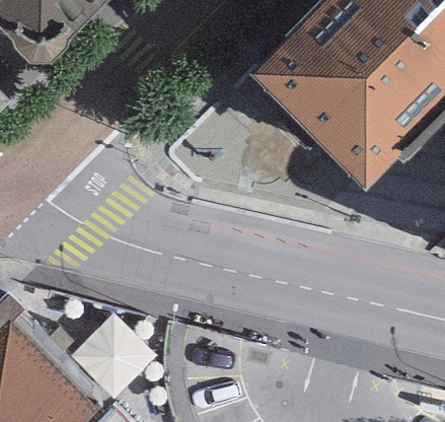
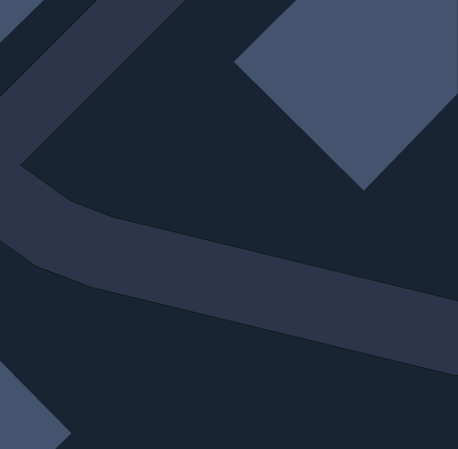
building: [76,313,160,398] -> none

